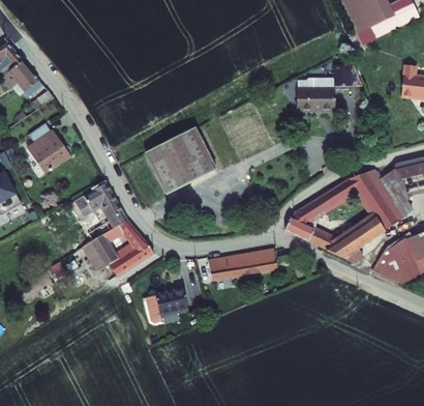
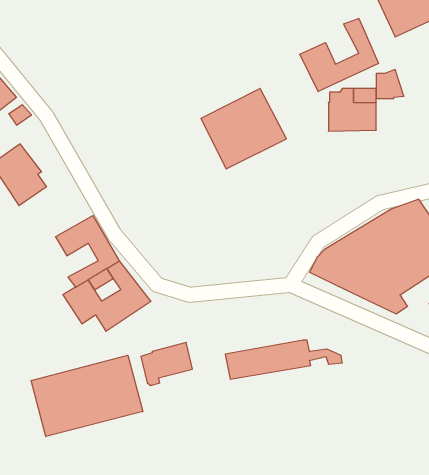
building: none -> [300,18,379,92]
building: [147,126,217,193] -> [201,88,286,169]
building: [207,248,303,280] -> [225,340,342,379]
building: none -> [31,355,143,437]

